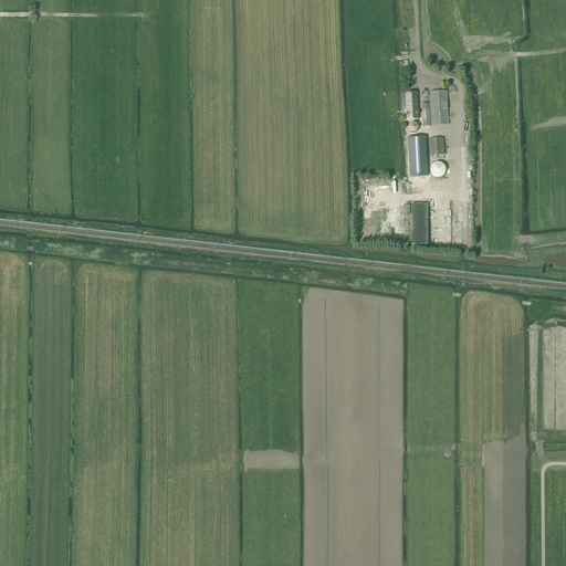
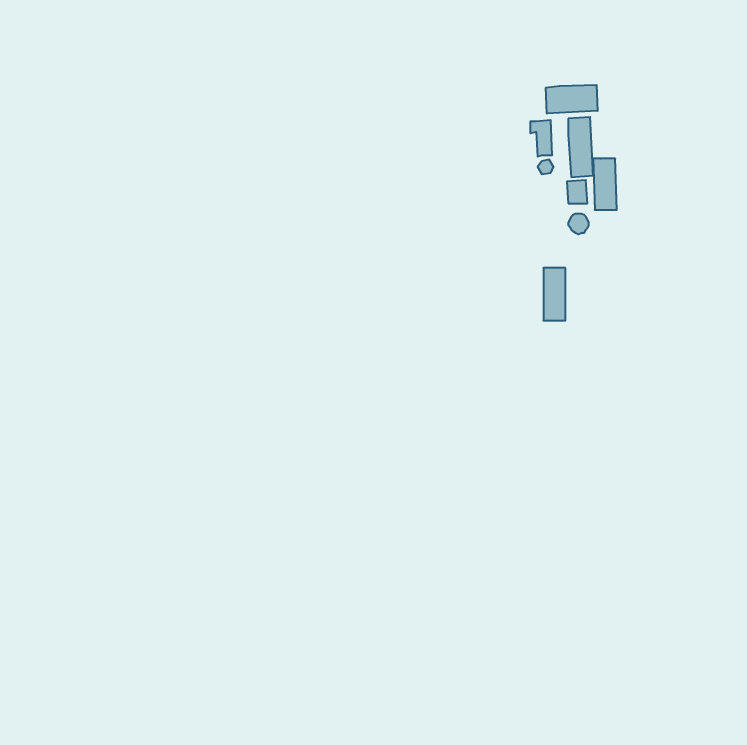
building: none -> [546,85,598,114]
building: [407,134,424,172] -> [593,159,617,210]

